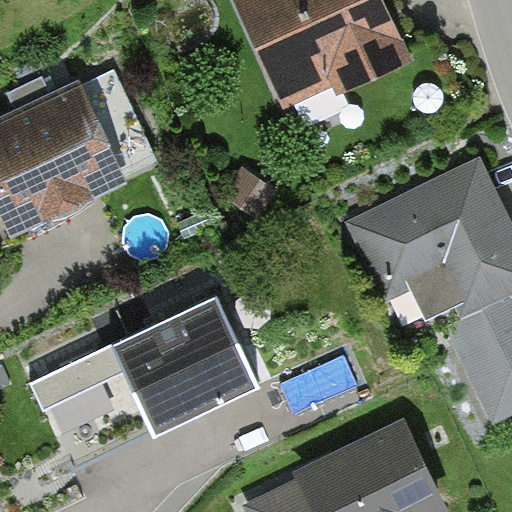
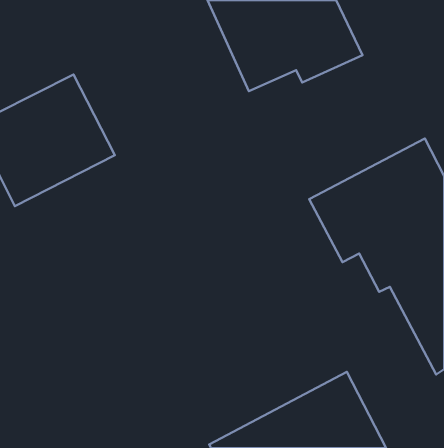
building: [29,294,256,461] -> none

